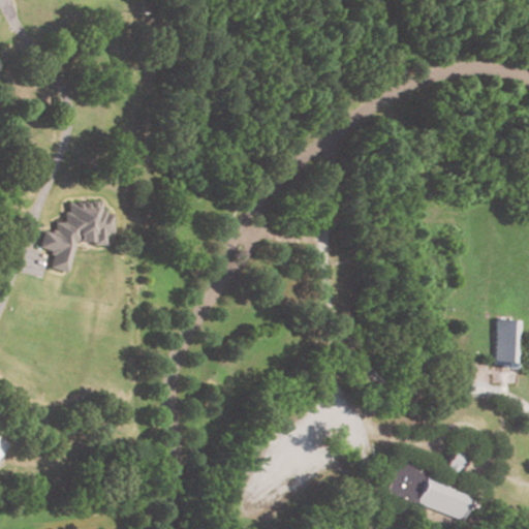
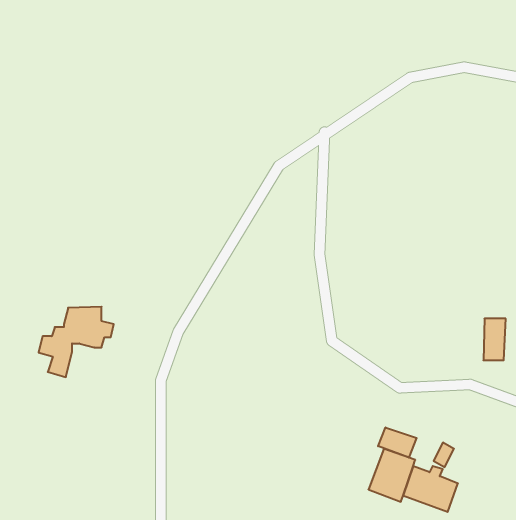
building: [41,200,118,272] -> [39,307,114,377]
building: none -> [378,427,417,458]

